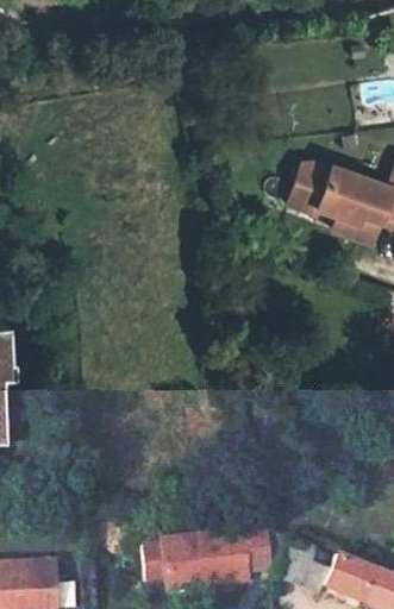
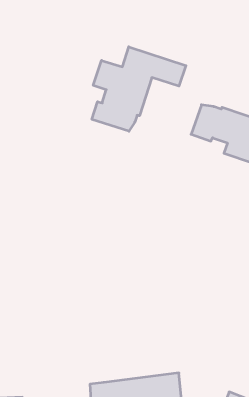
building: none -> [92,47,186,131]

